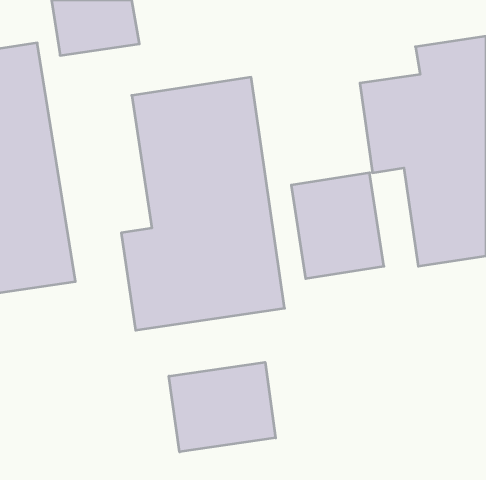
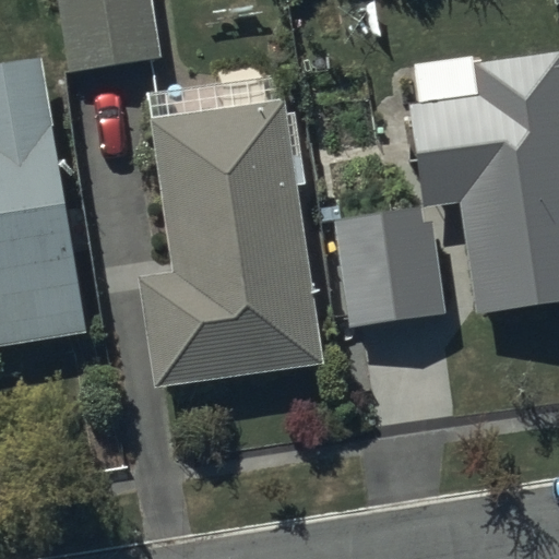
building: [169,362,276,452] -> none

